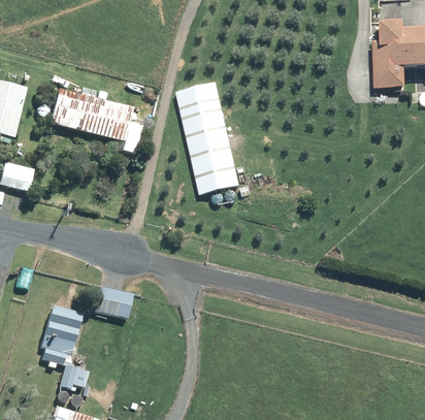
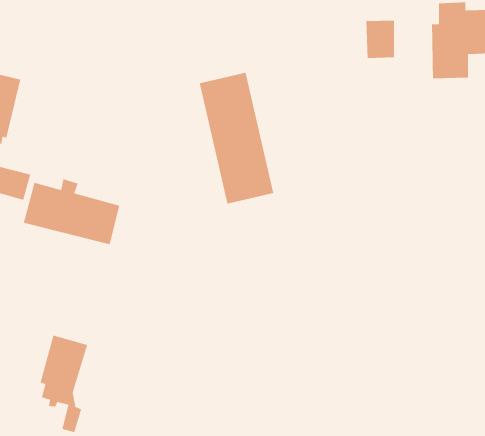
building: none -> [366,20,395,59]
building: [50,85,132,141] -> [23,178,120,245]
building: [95,285,133,318] -> none

